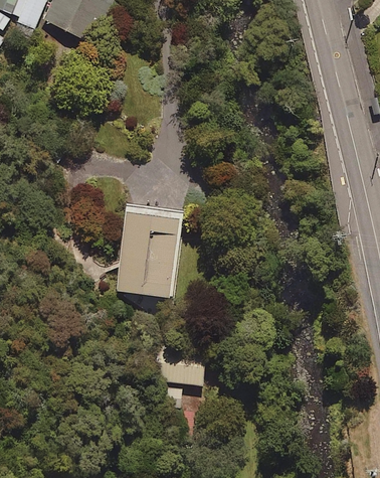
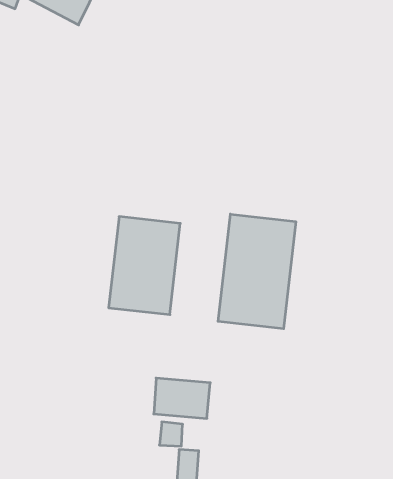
building: none -> [218,214,296,329]

